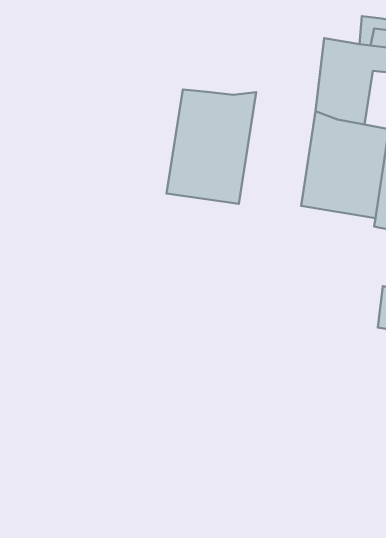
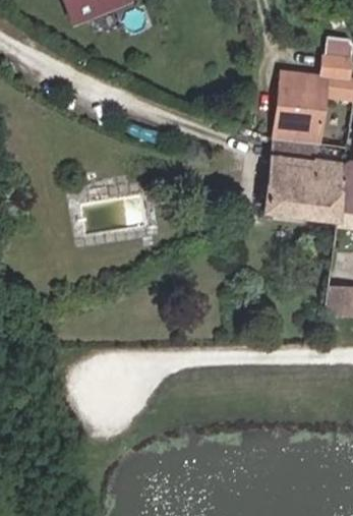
building: [167,89,256,204] -> none

